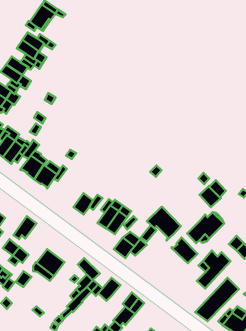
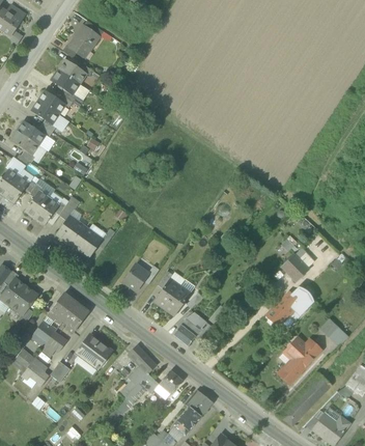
building: [147,207,181,240] -> none
building: none -> [61,302,88,333]
building: [171,237,198,263] -> none

